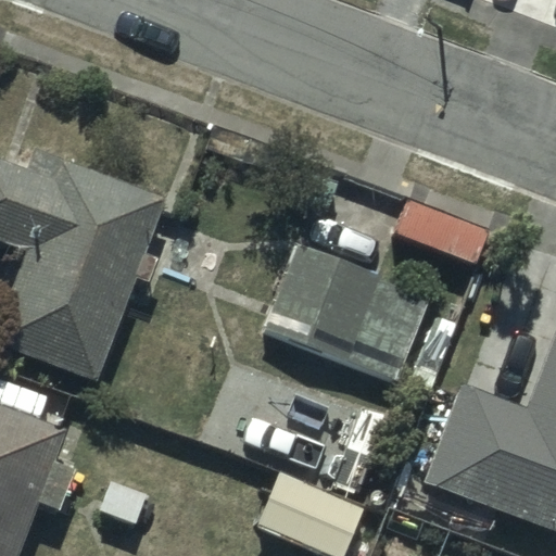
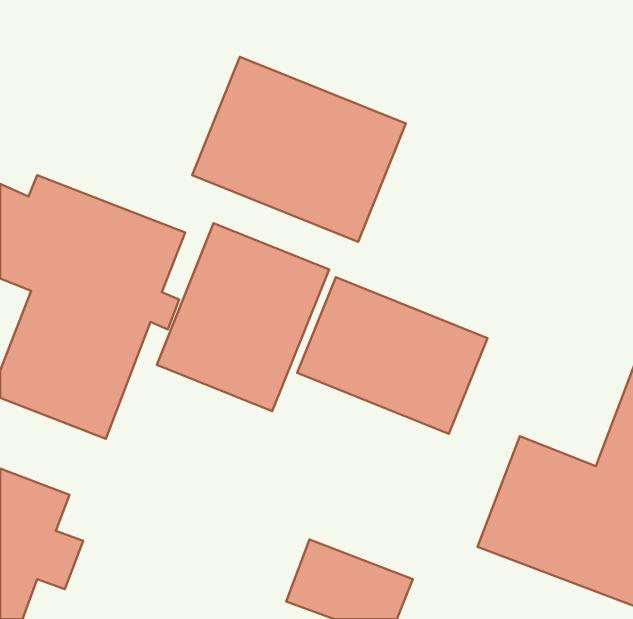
building: none -> [192,57,406,242]
building: none -> [157,223,329,411]

